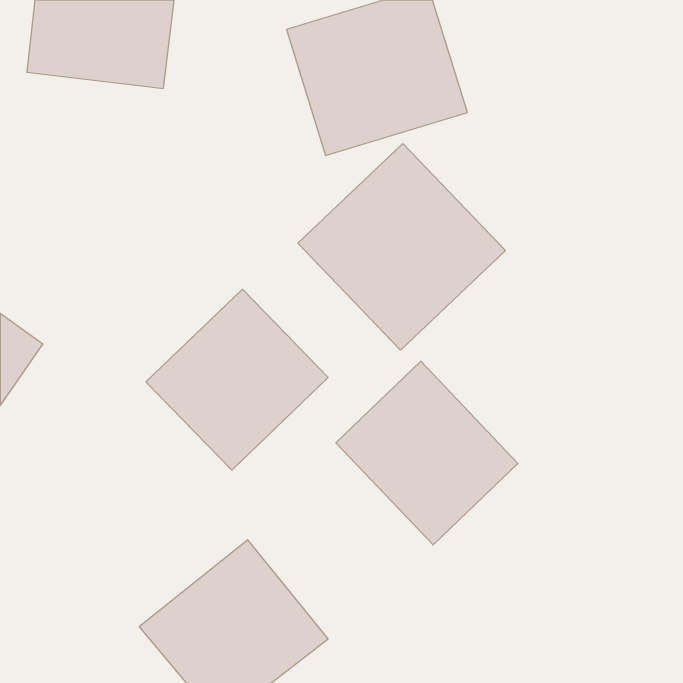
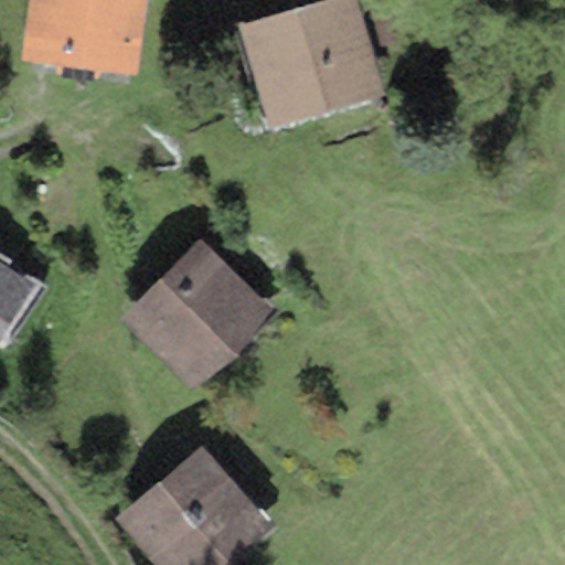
building: [298,144,505,350] -> none
building: [336,361,518,545] -> none

